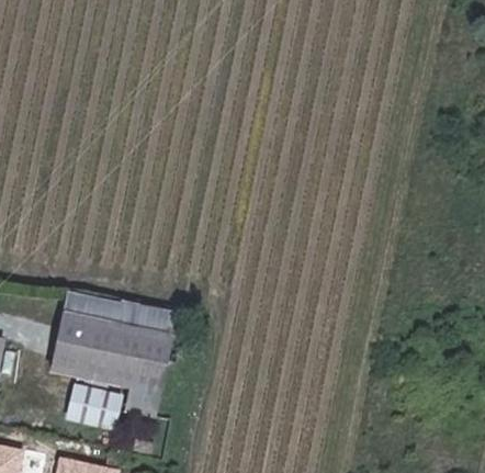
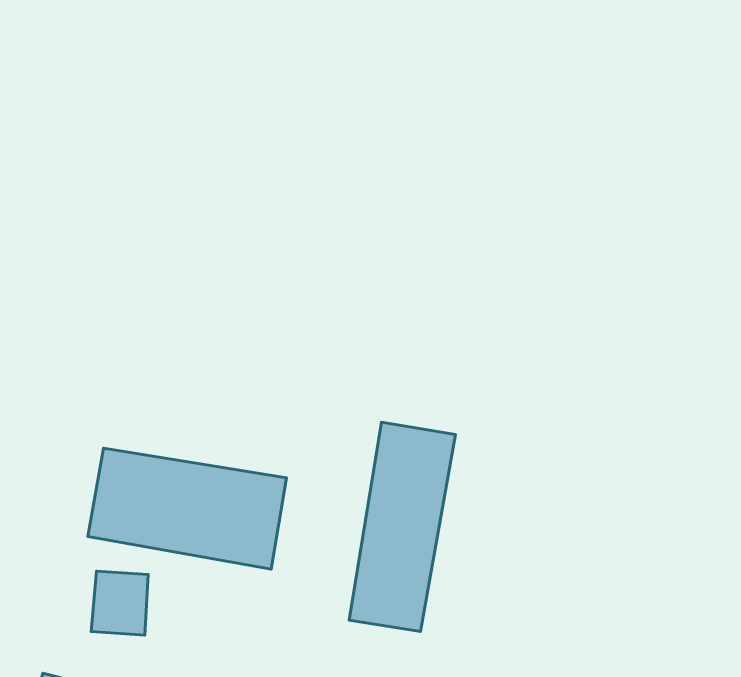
building: none -> [349,422,455,632]

